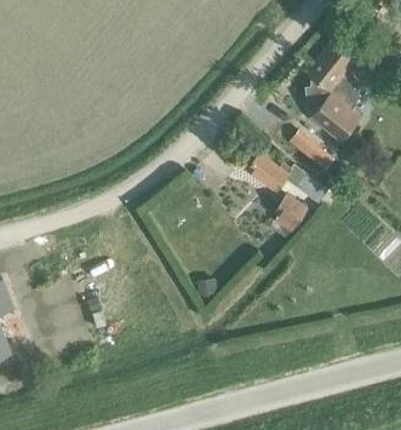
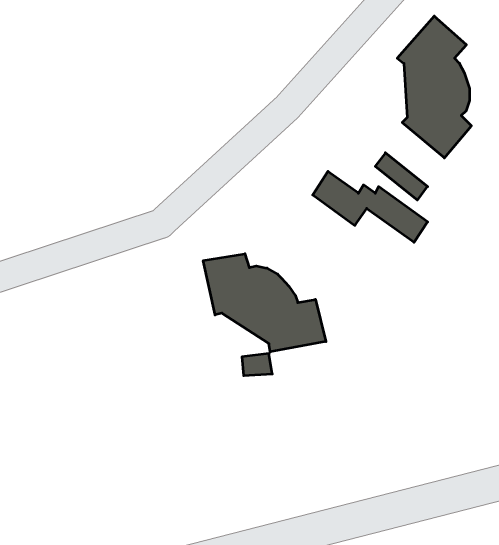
building: [274,191,309,234] -> none
building: none -> [203,254,326,352]

